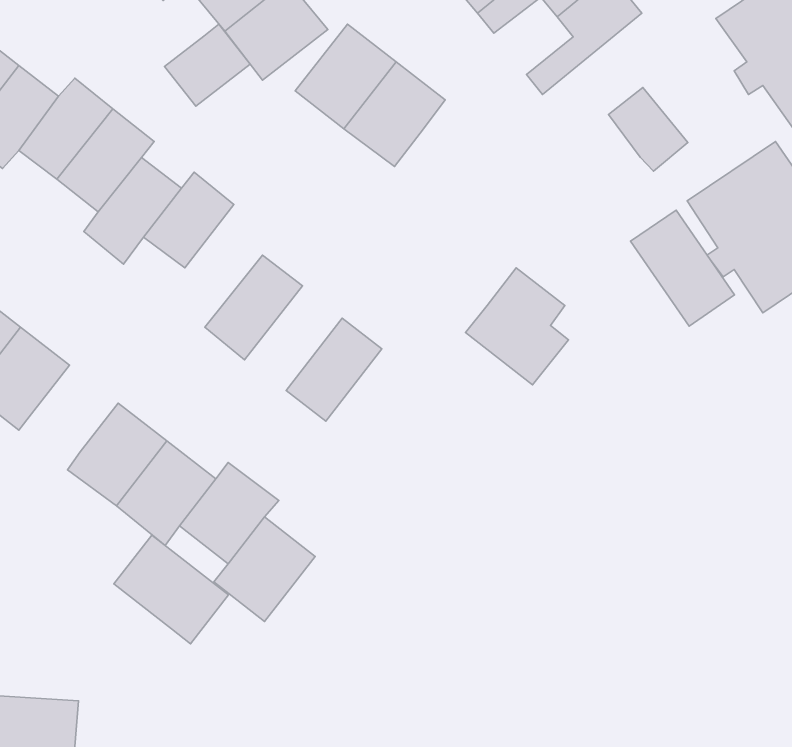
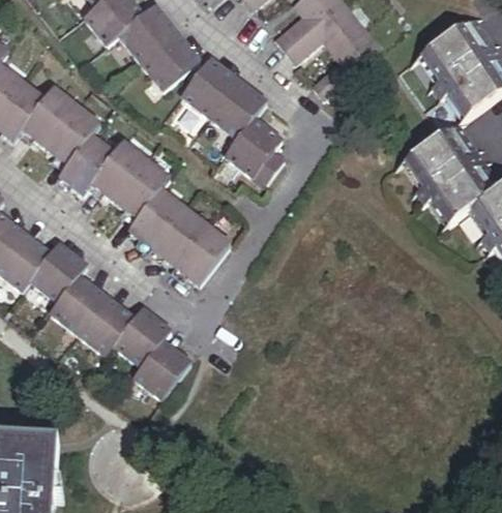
building: [165,24,250,106] -> none
building: [608,88,688,171] -> none
building: none -> [117,160,170,215]
building: [631,210,734,326] -> none
building: [466,268,569,385] -> [225,117,284,184]
building: none -> [151,207,207,267]
building: none -> [29,243,86,302]
building: [114,535,229,644] -> none

